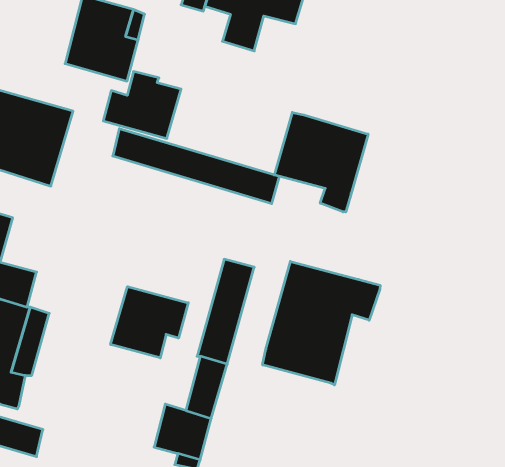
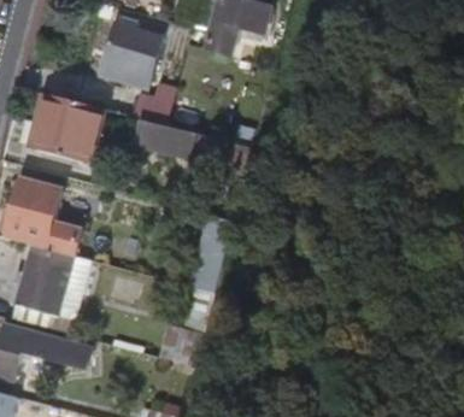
building: [274,112,368,212] -> none
building: [263,261,380,385] -> none
building: [111,287,188,358] -> none

